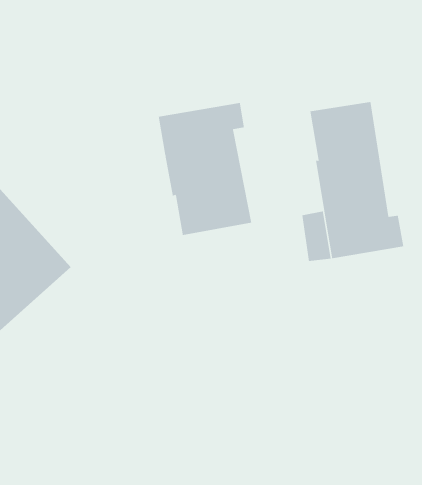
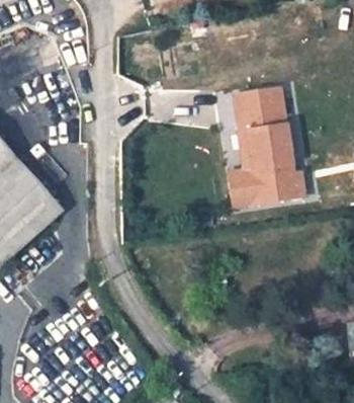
building: [158,102,252,236] -> none

